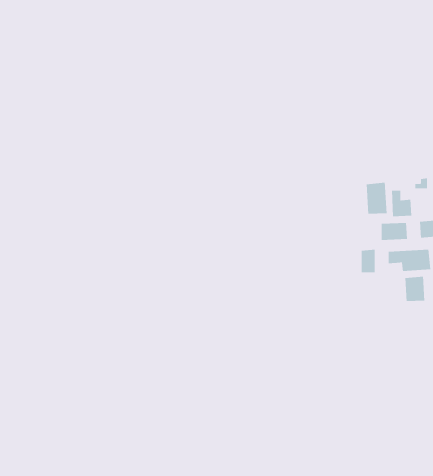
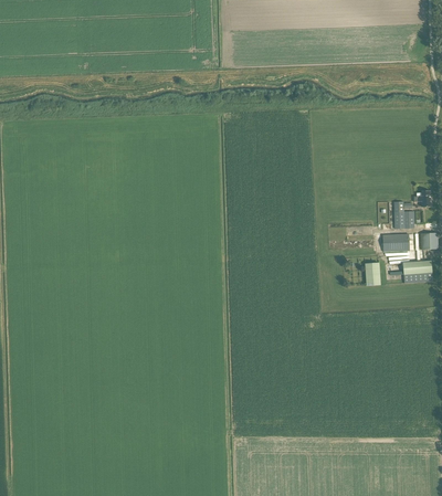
building: [366,182,387,215] -> none
building: [405,276,425,302] -> none

